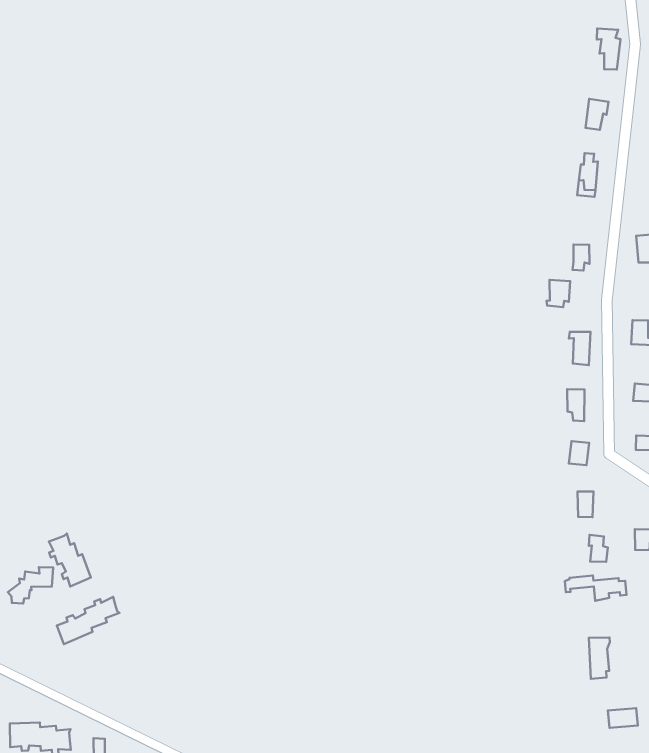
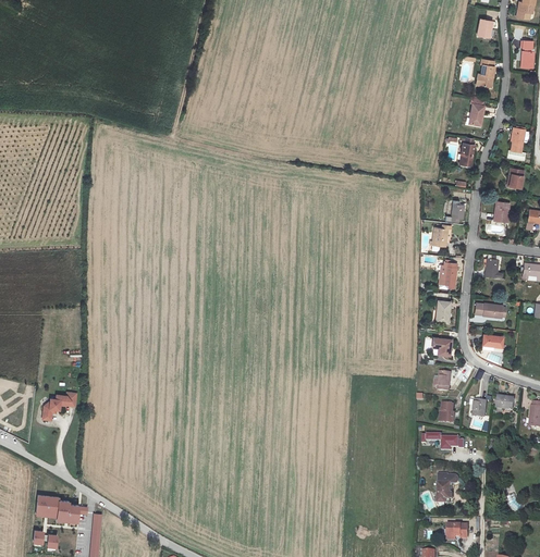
building: [49,534,91,586] -> none
building: [57,597,119,644] -> none

